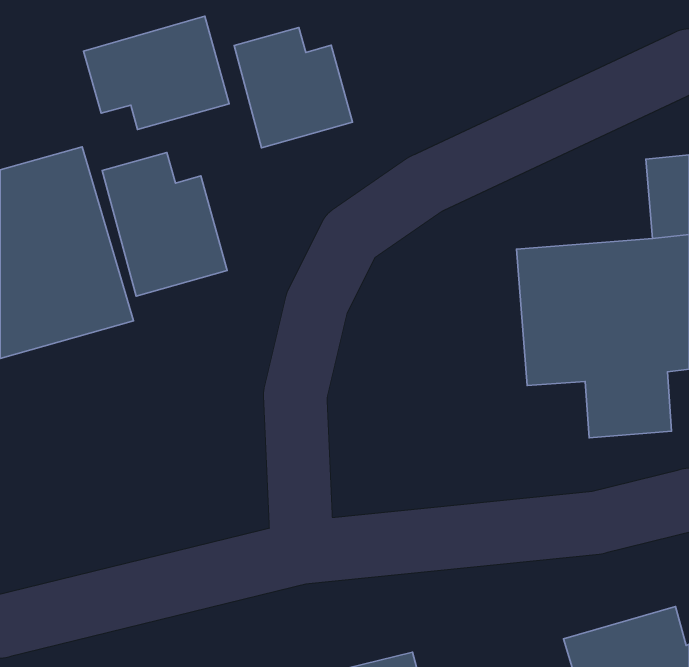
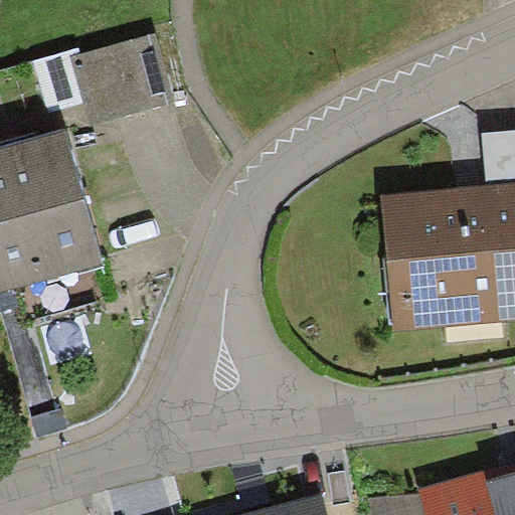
building: [234,28,353,148] -> none
building: [102,153,227,296] -> none

